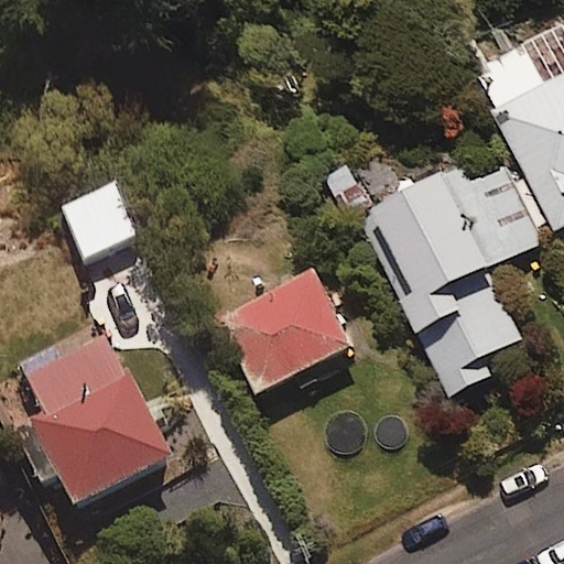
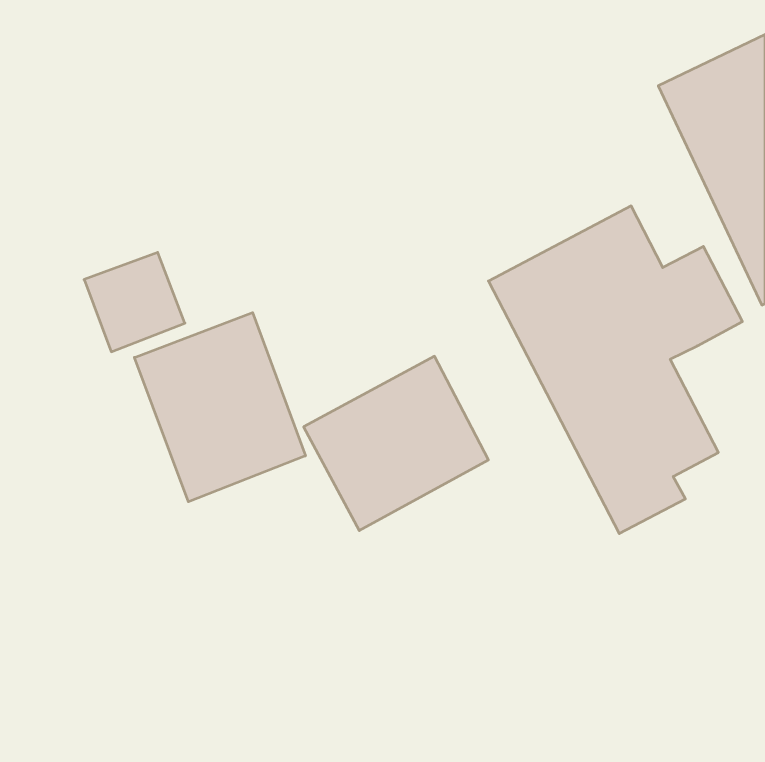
building: none -> [134,313,305,502]
building: [20,327,170,508] -> none

